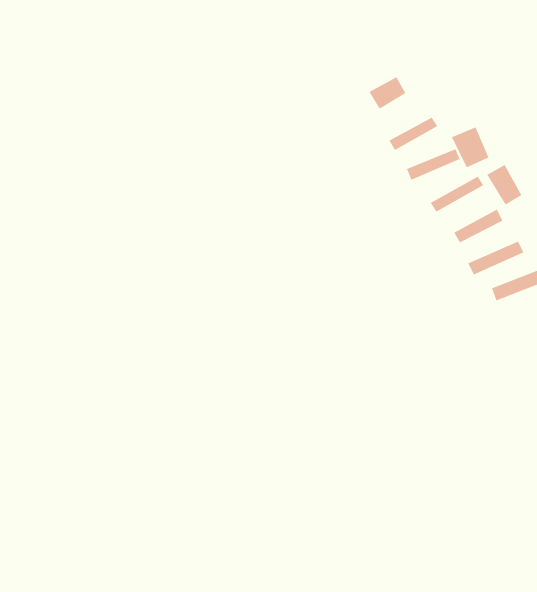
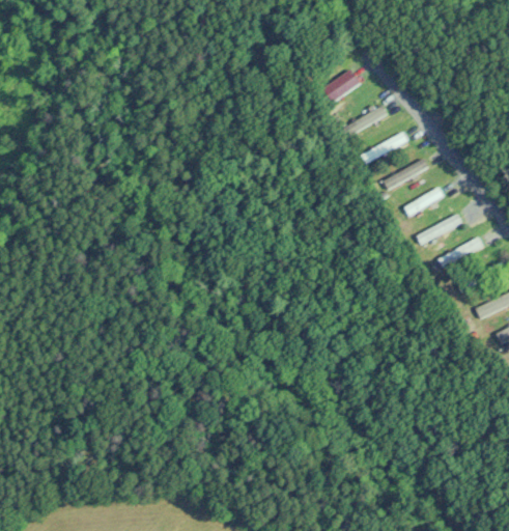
building: [451,126,489,168] -> none
building: [487,164,522,205] -> none

